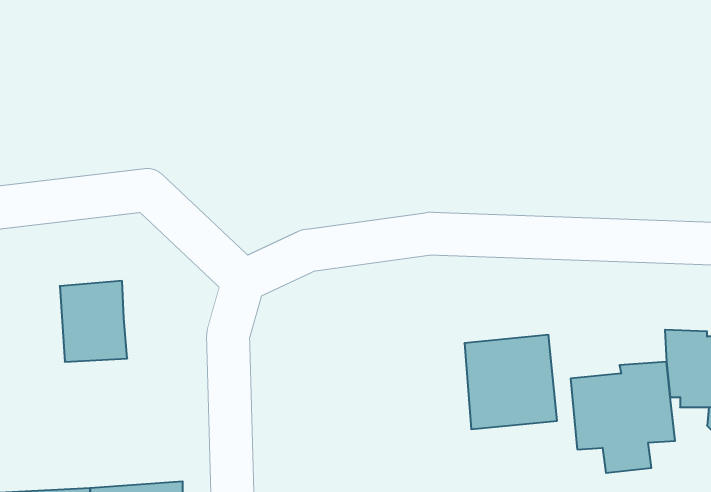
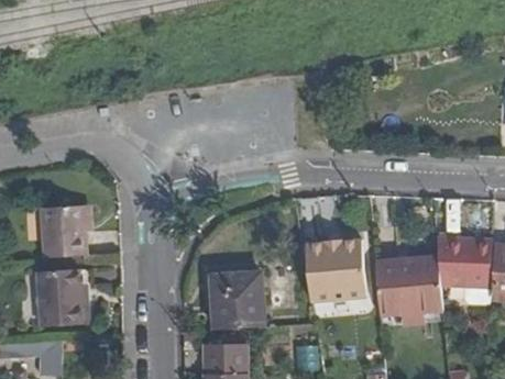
building: none -> [37,270,88,327]
building: none -> [211,274,264,331]

